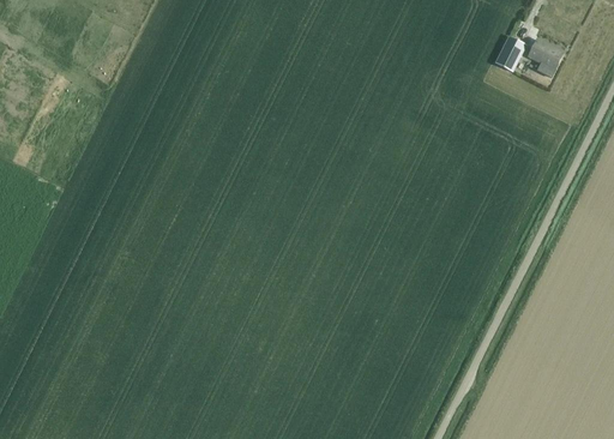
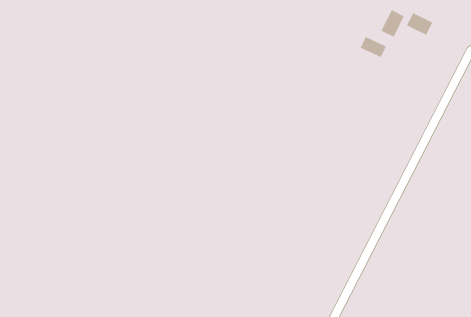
building: none -> [360,36,387,58]

